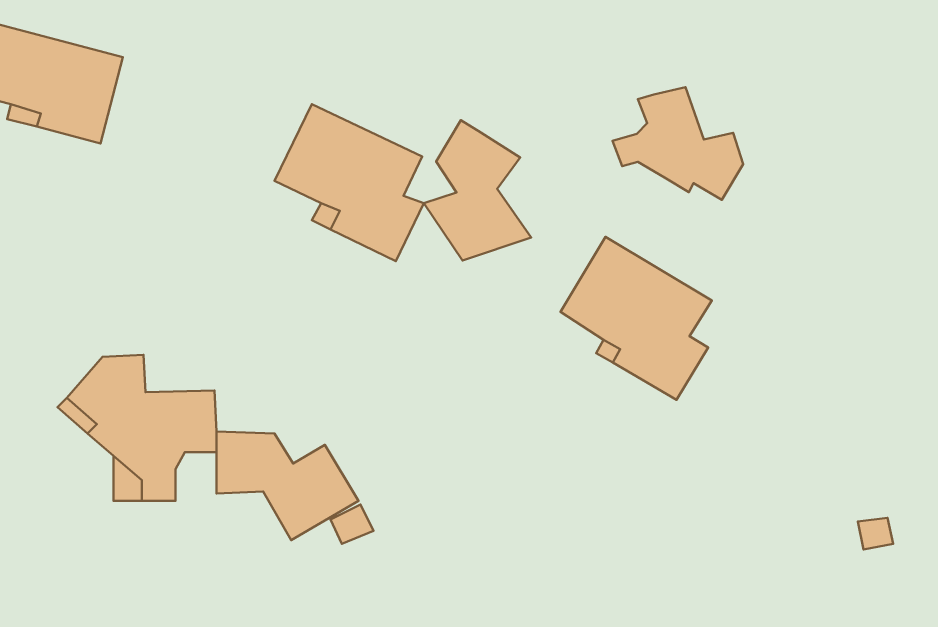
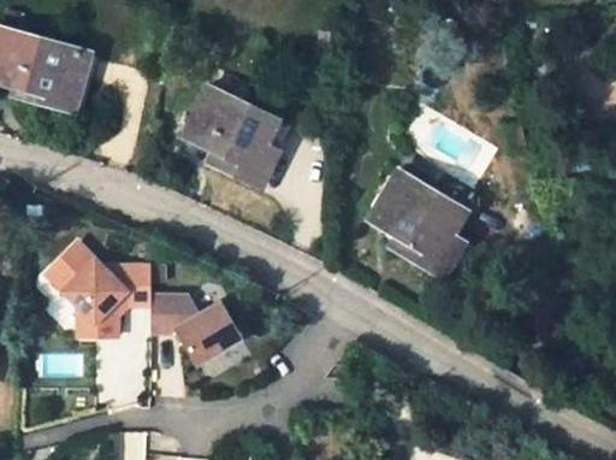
building: [613,87,743,200] -> none
building: [424,120,531,261] -> none

